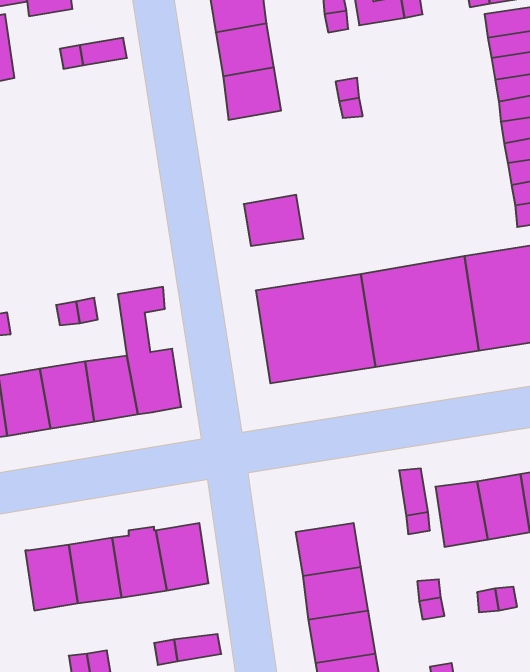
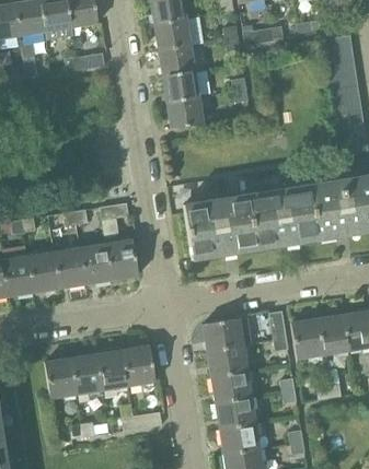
building: [244,195,304,246] -> [168,96,204,127]
building: none -> [204,318,243,350]

